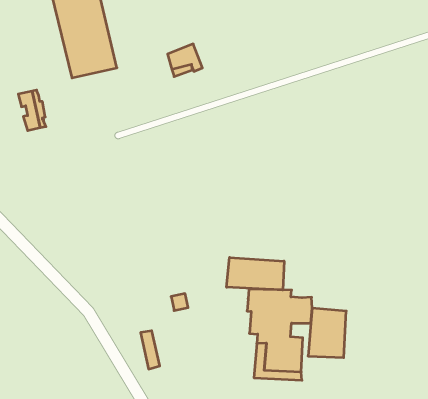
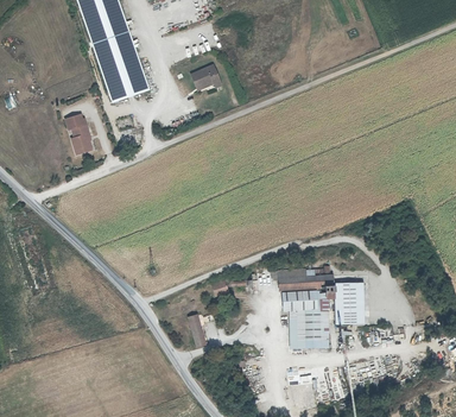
building: [227,257,284,290] -> none

